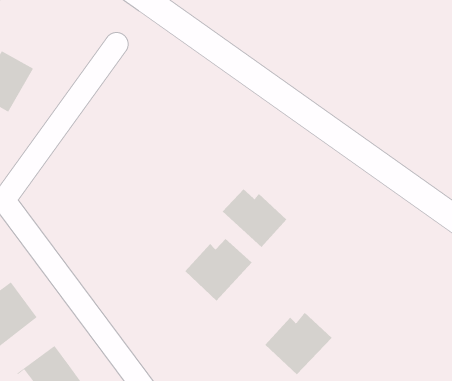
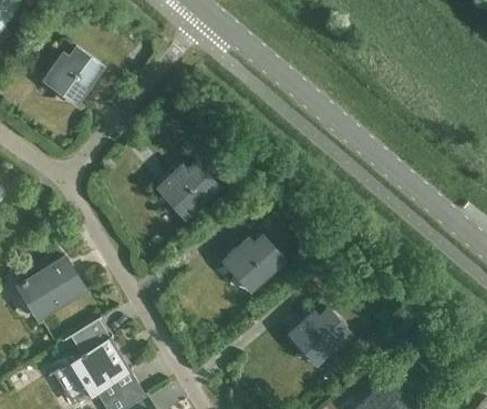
building: none -> [155,163,217,218]
building: [222,188,287,248] -> none

